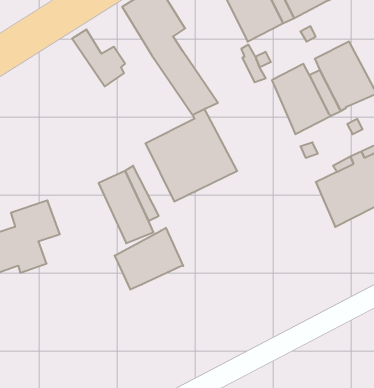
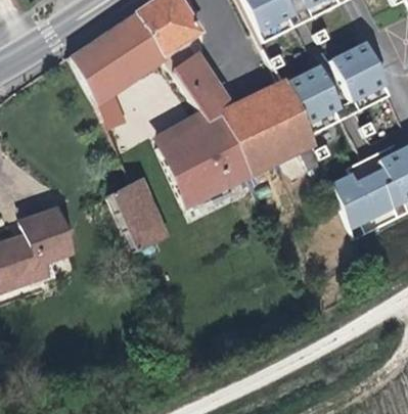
building: none -> [100,9,166,76]
building: none -> [69,41,121,126]
building: none -> [219,81,313,174]
building: [115,228,183,290] -> none

